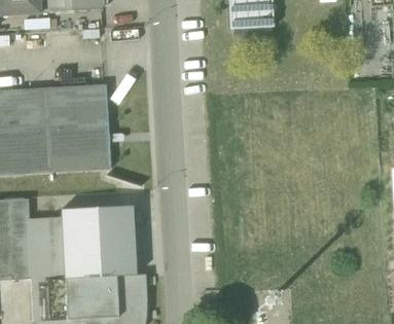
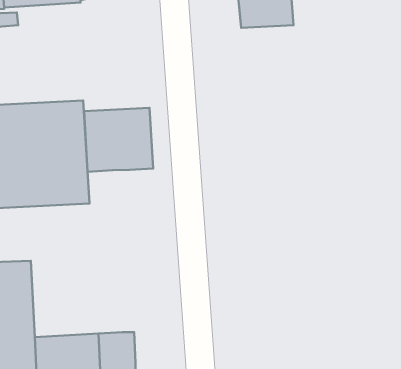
building: none -> [84,108,153,172]
building: [62,205,136,279] -> none

